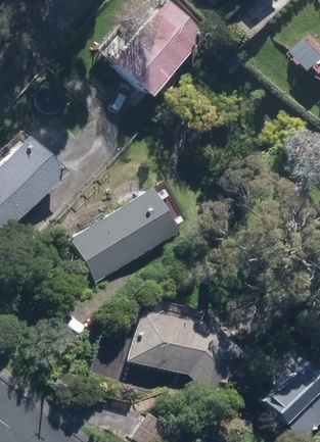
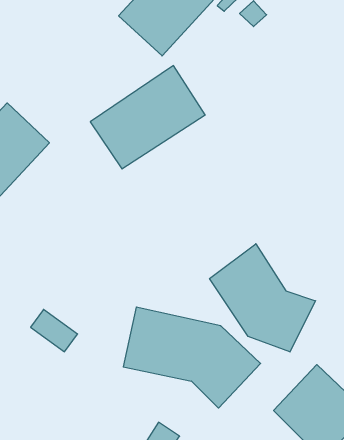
building: [68,190,169,280] -> [90,66,205,169]
building: none -> [210,244,316,352]

